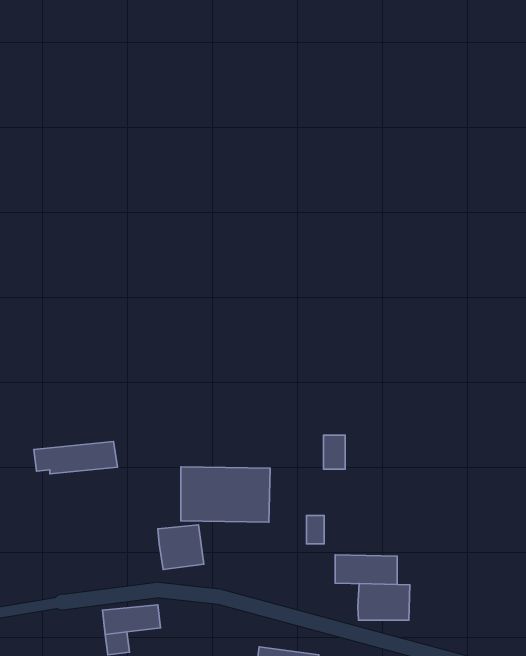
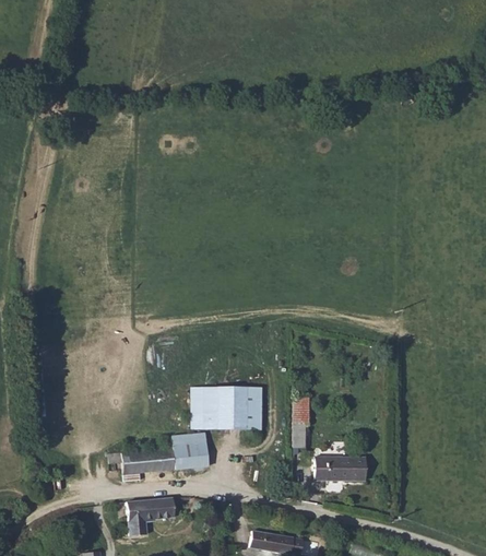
building: [324,435,345,469] -> [292,398,309,425]
building: [34,441,118,474] -> [108,448,176,474]
building: [358,584,410,620] -> none

